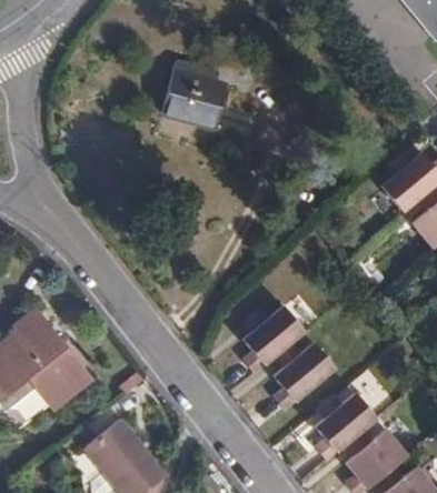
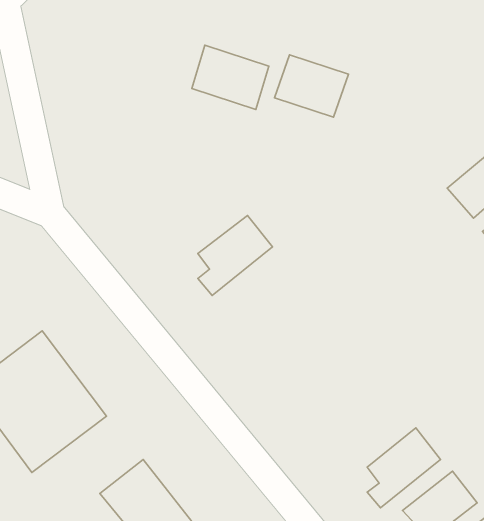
building: none -> [274,55,349,117]
building: [241,306,305,374] -> [198,215,273,295]
building: [271,342,335,410] -> none

